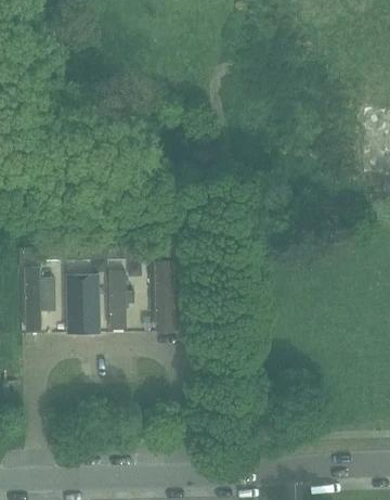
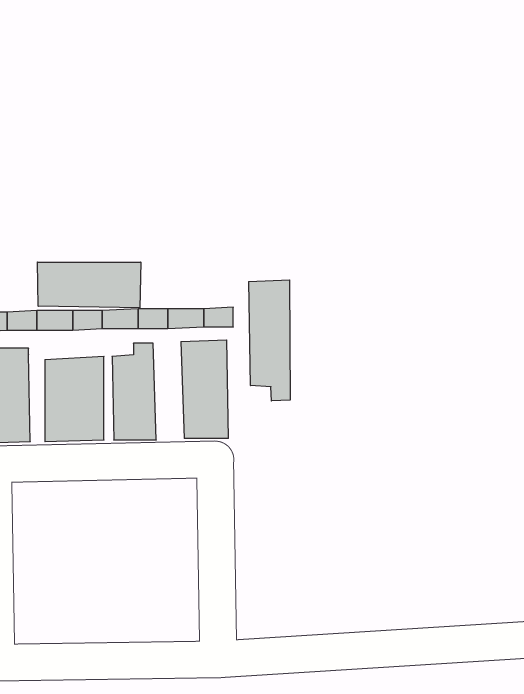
building: none -> [37,262,141,308]
building: none -> [249,280,290,401]

